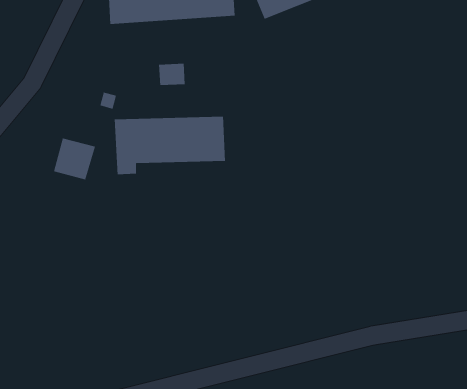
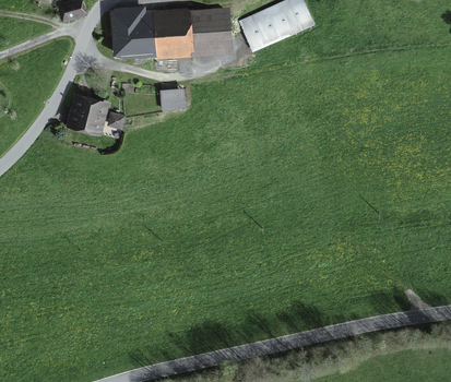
building: [114,116,225,175] -> none
building: [53,138,96,180] -> [68,96,105,133]

